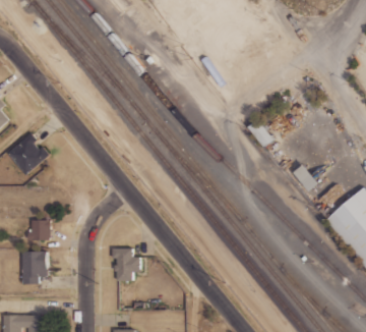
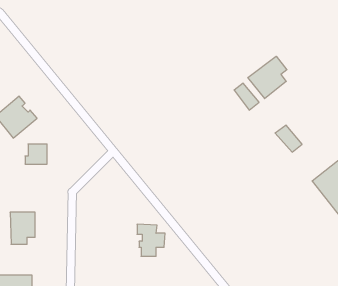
building: none -> [248,56,287,99]
building: [27,220,50,240] -> [25,144,47,164]
building: [112,247,140,280] -> [137,224,165,256]

